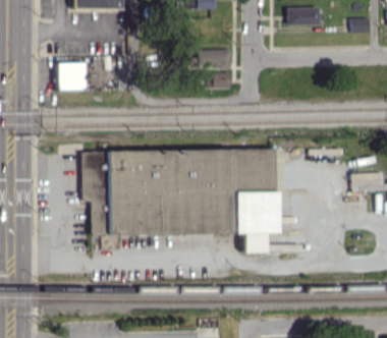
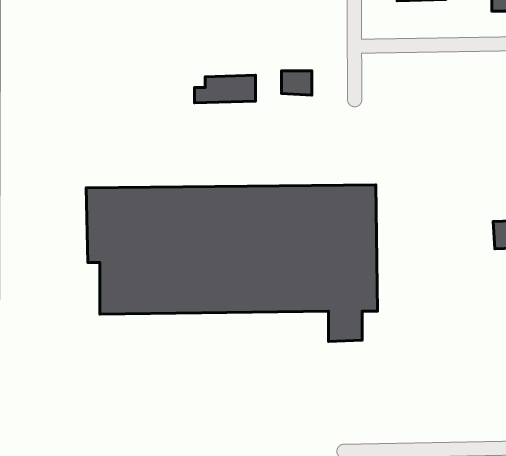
building: [192,49,233,67] -> [194,75,255,103]
building: [58,62,87,89] -> none

